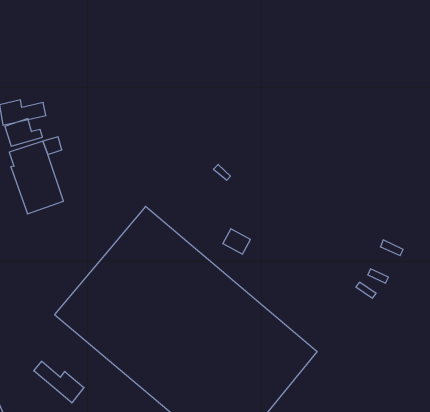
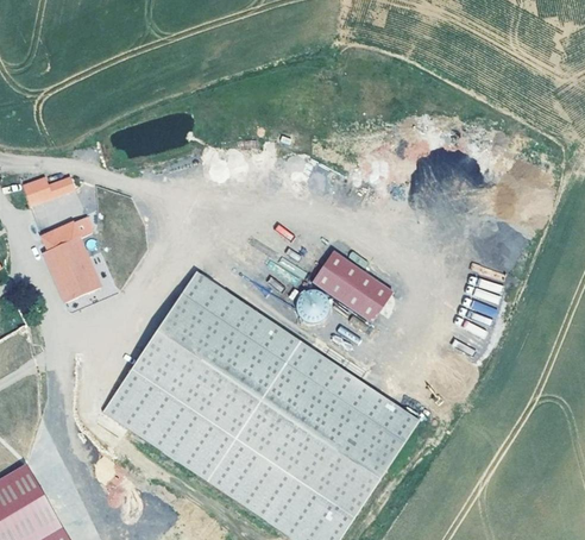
building: none -> [309,249,394,321]
building: [34,361,84,403] -> none

